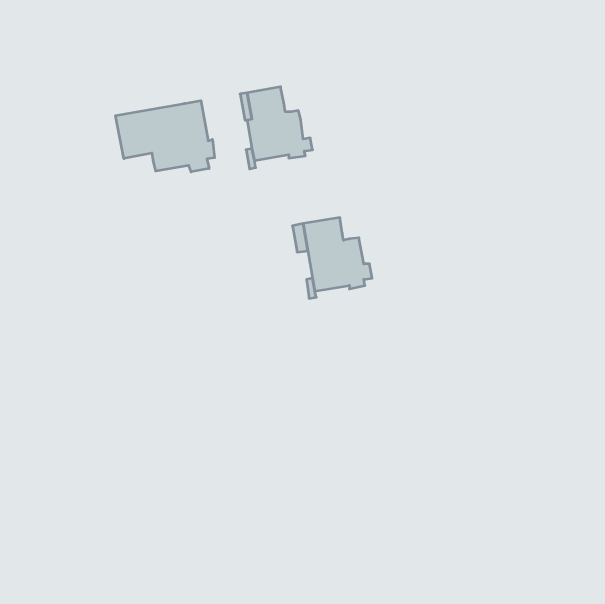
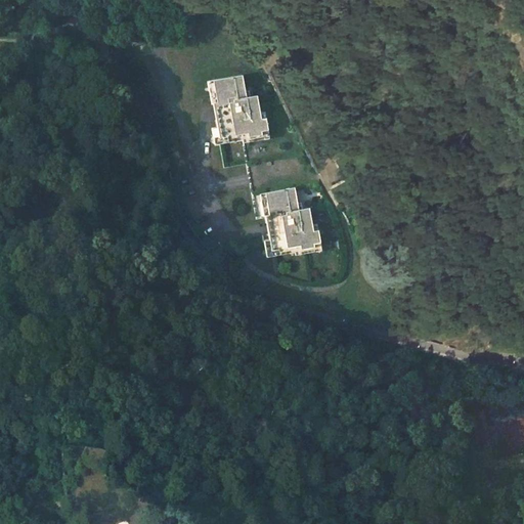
building: [116,101,215,172] -> none

